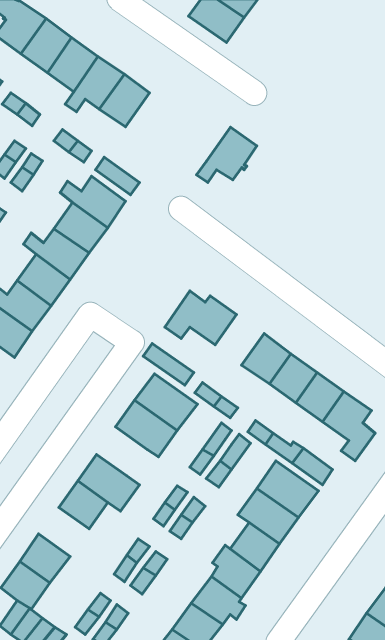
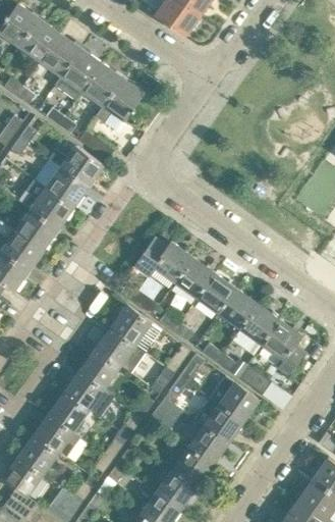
building: [196,127,257,182] -> [95,77,144,122]
building: none -> [175,257,215,298]
building: none -> [79,348,120,387]
building: none -> [33,413,80,458]

